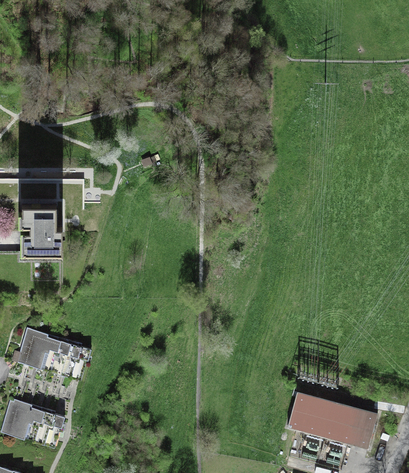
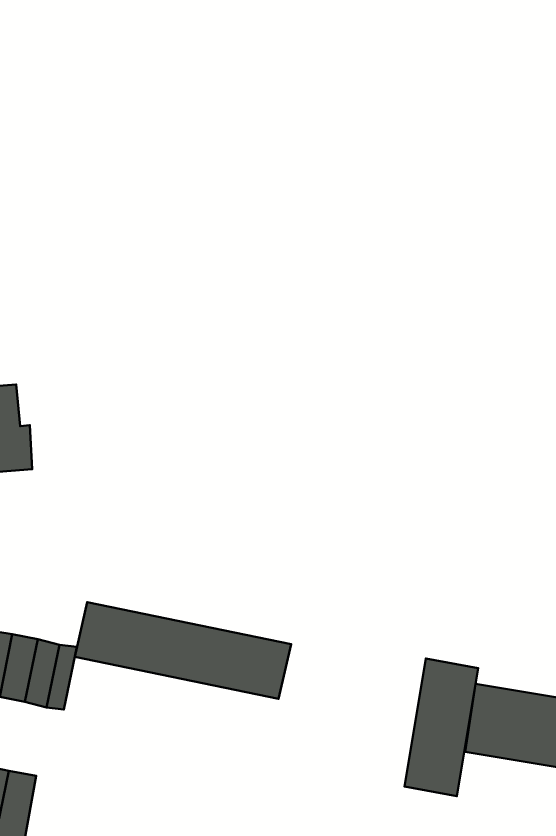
building: none -> [75,602,291,699]
building: none -> [404,658,478,796]

